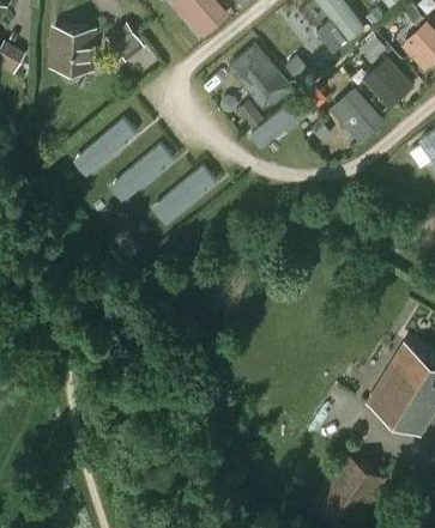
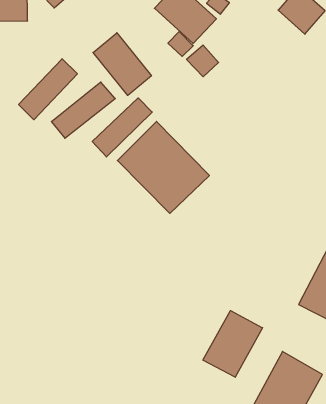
building: [328,86,387,145] -> none
building: none -> [93,33,151,95]
building: none -> [117,121,209,213]
building: none -> [203,311,263,377]

